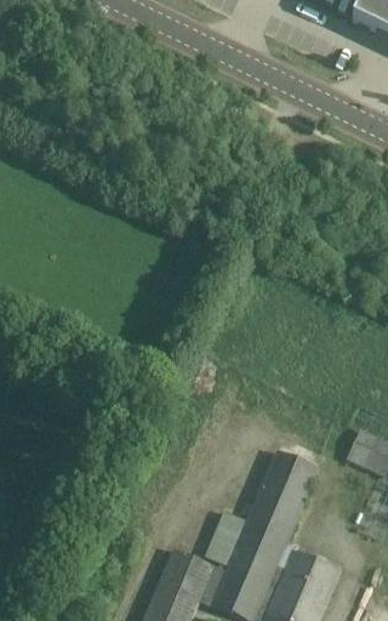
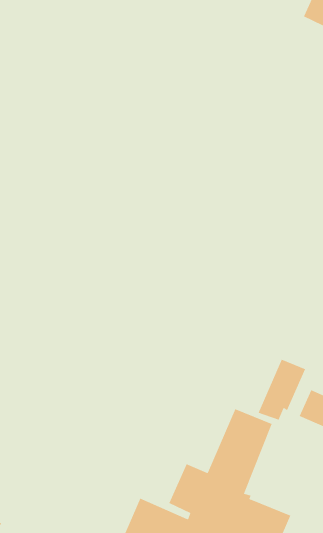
building: none -> [258,359,306,421]

